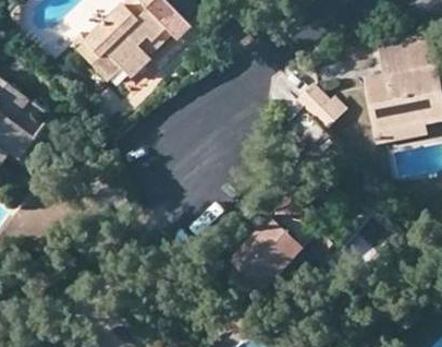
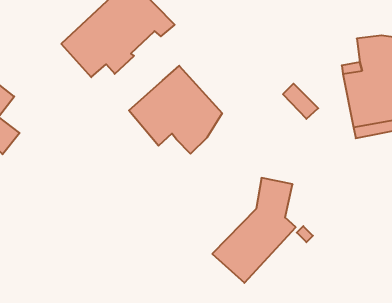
building: none -> [129,66,222,154]

